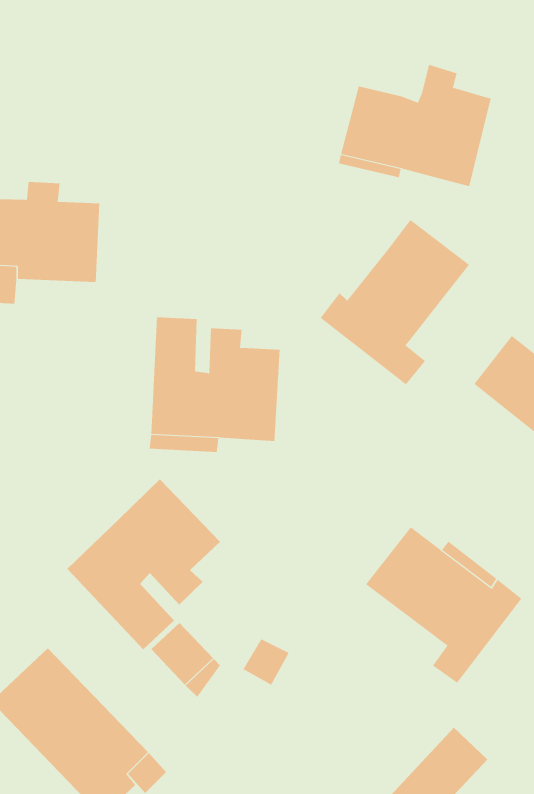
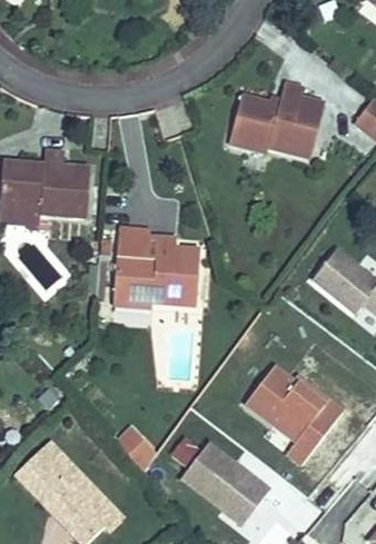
building: [320,219,470,385] -> none
building: [66,478,221,650] -> none
building: none -> [180,439,270,524]

